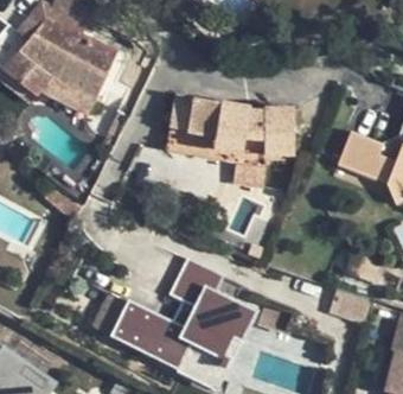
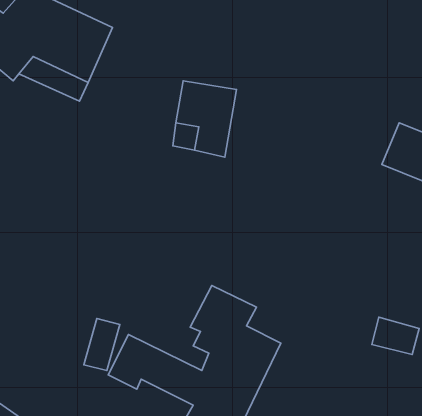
building: [209,102,294,189] -> none

